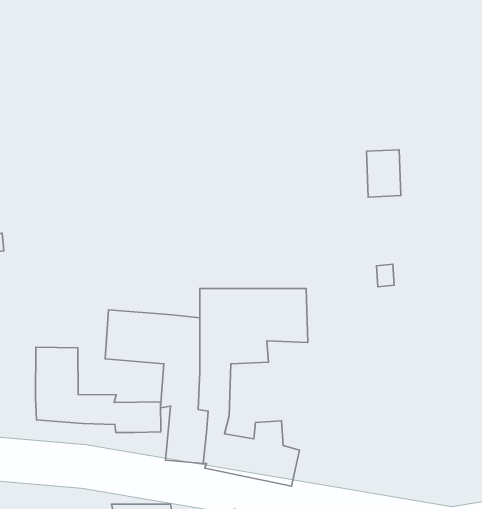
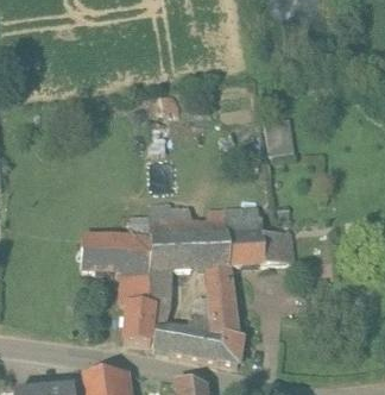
building: none -> [196,215,277,364]
building: [36,347,161,432] -> none

